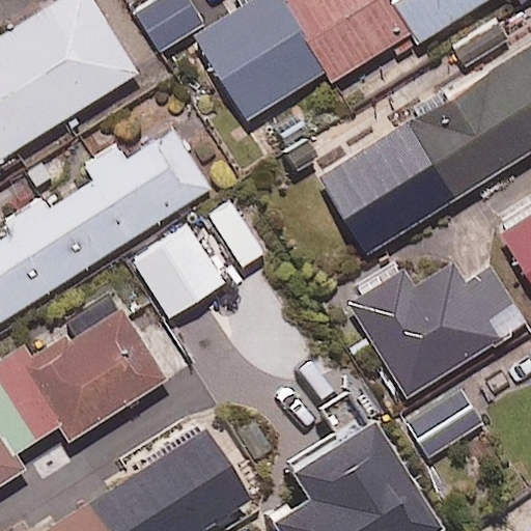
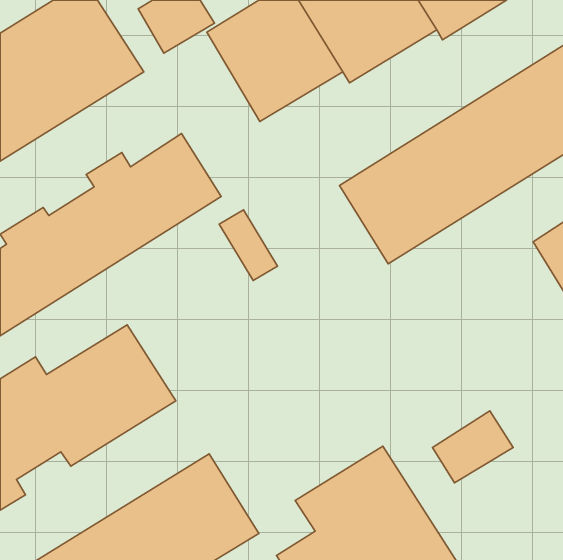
building: [134,227,222,316] -> none
building: [350,262,526,395] -> none

